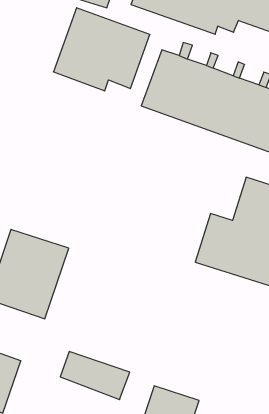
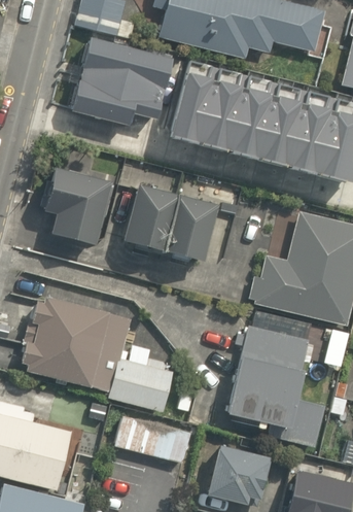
building: none -> [37,165,108,242]
building: none -> [117,182,217,258]
building: none -> [225,325,326,447]
building: none -> [109,339,173,411]

